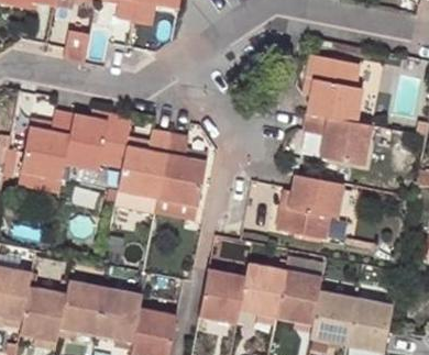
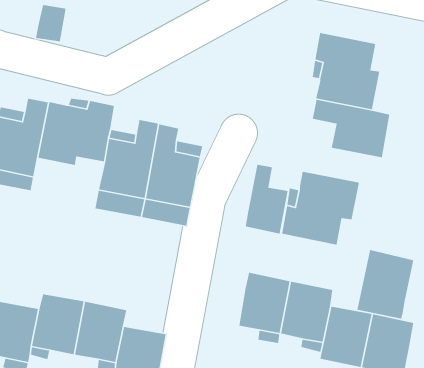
building: none -> [245,163,289,234]
building: none -> [357,249,414,320]
building: [199,269,245,323] -> none

